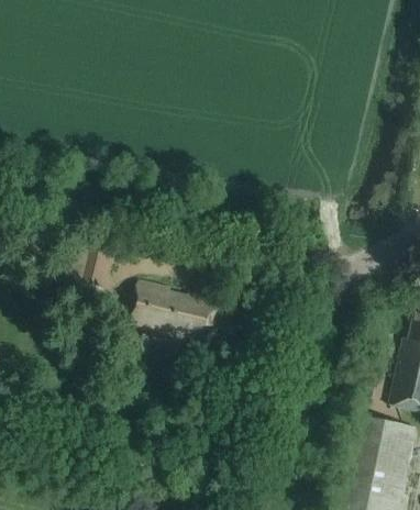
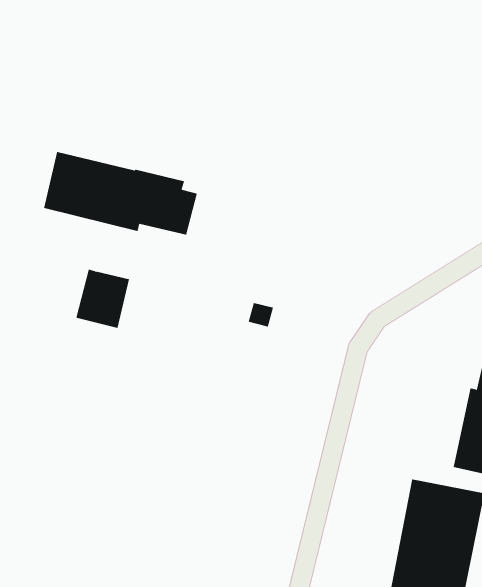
building: none -> [43,151,198,235]
building: [128,281,235,343] -> none

